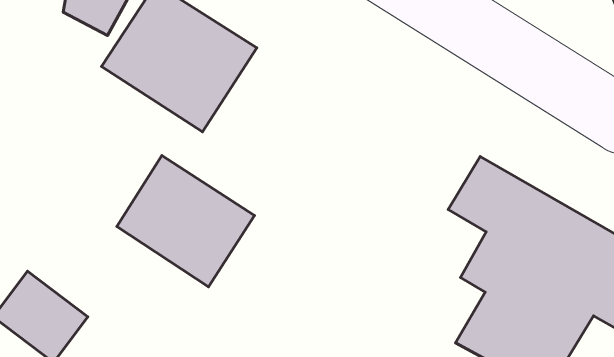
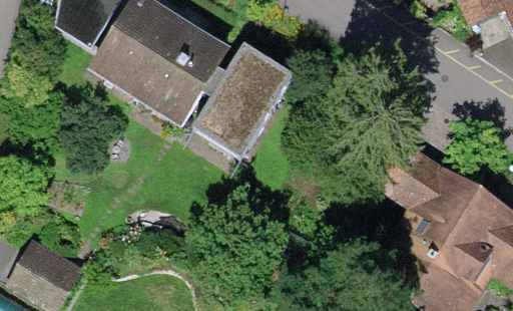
building: none -> [201,46,298,156]
building: [117,156,254,287] -> none

